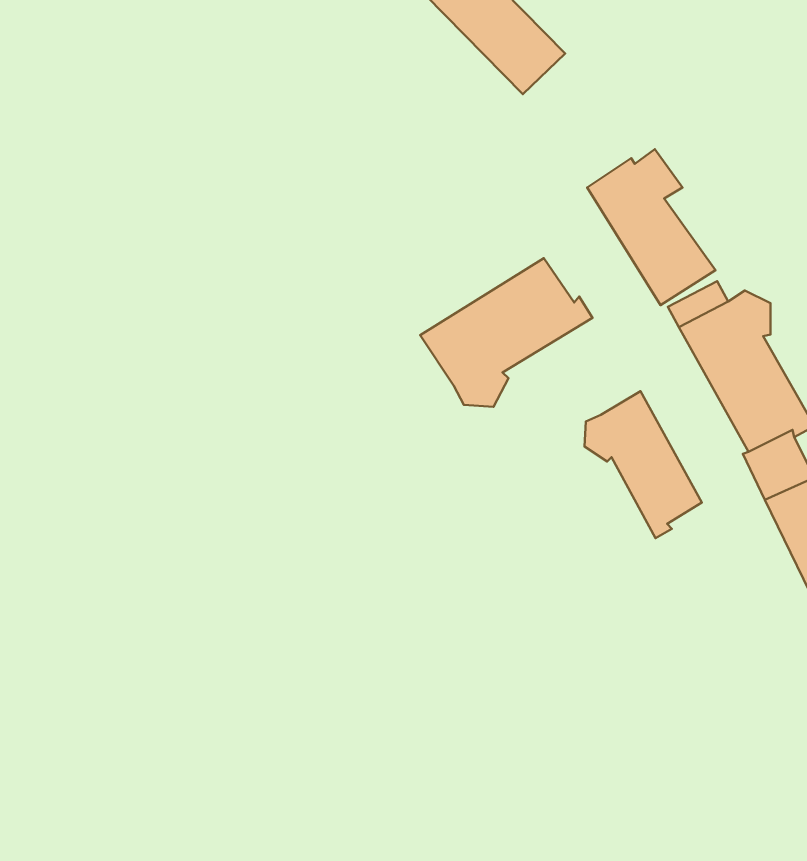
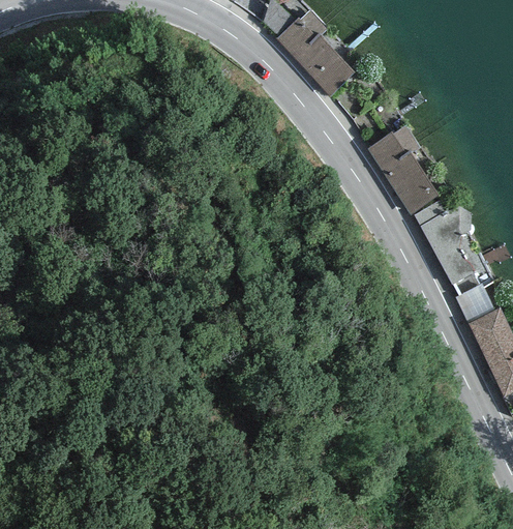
building: [420,258,593,407] -> none
building: [585,391,702,538] -> none

